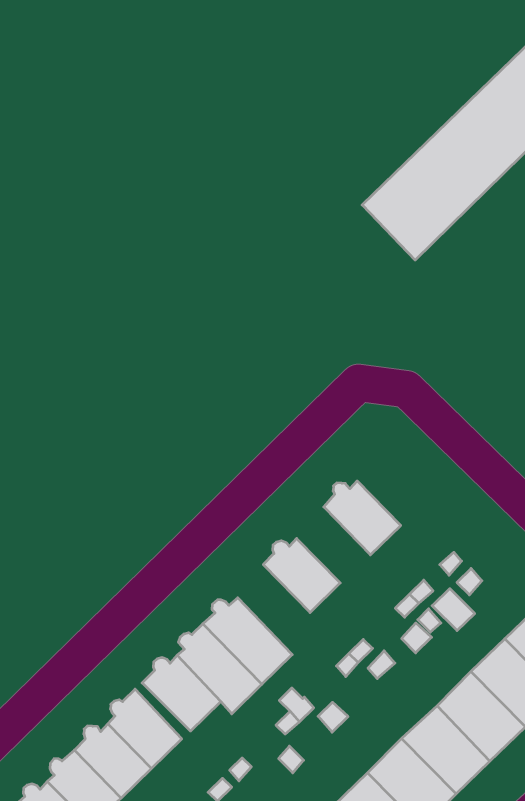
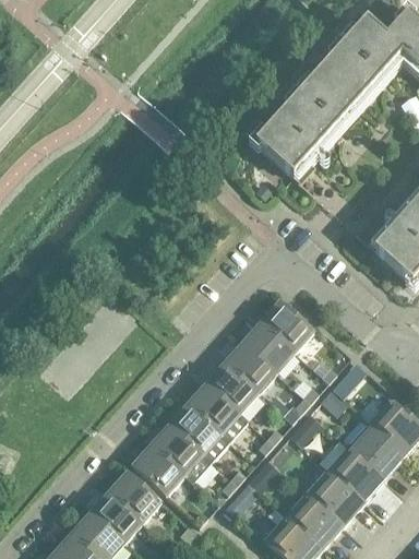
building: none -> [264,300,313,352]
building: none -> [227,343,276,392]
building: none -> [191,383,248,441]

